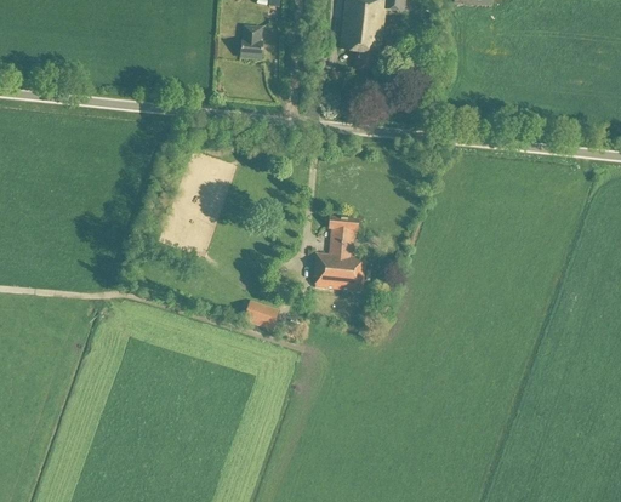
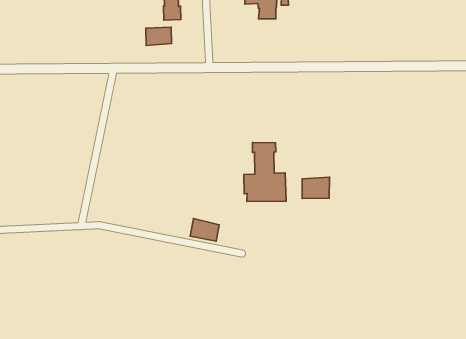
building: none -> [146,27,172,45]
building: none -> [302,177,329,199]

